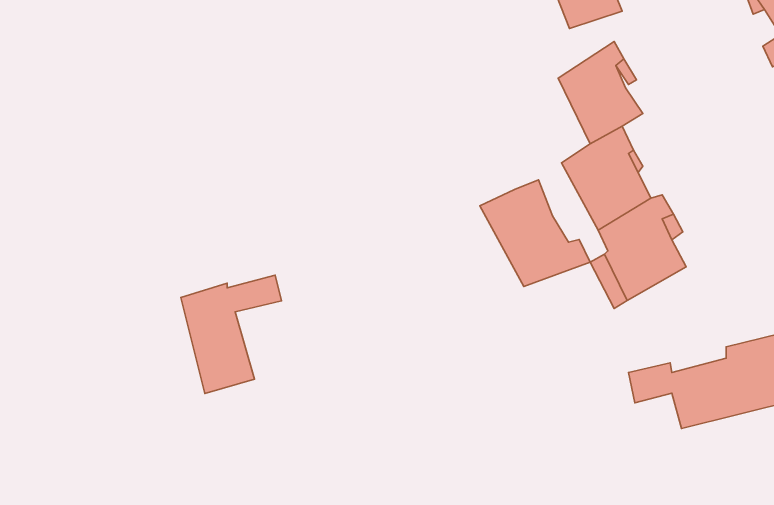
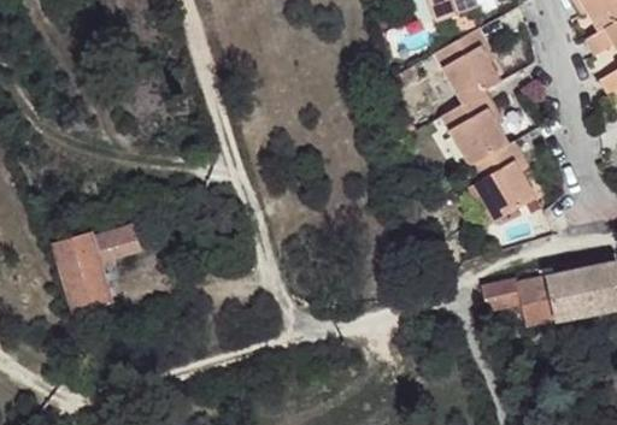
building: [480,180,590,286] -> none
building: [181,275,282,393] -> [61,225,137,314]

